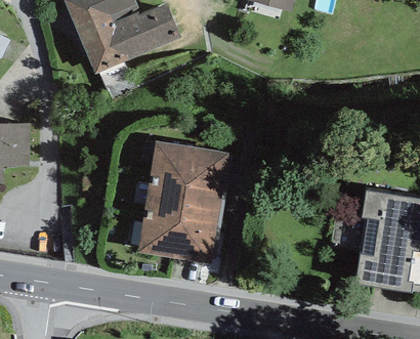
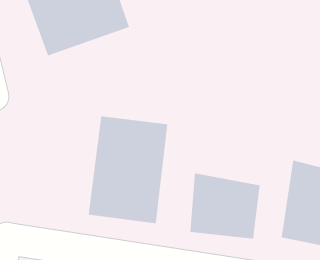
building: none -> [190,173,260,240]

